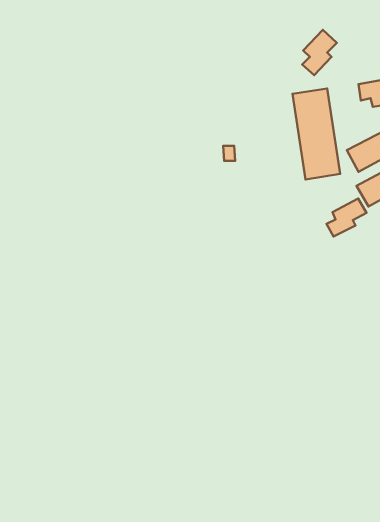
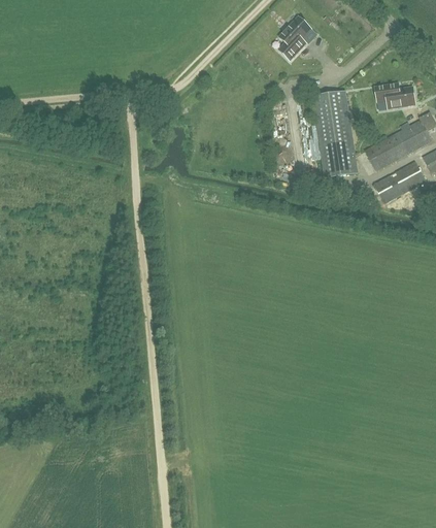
building: [302,30,337,75] -> [277,16,310,60]
building: [326,199,366,236] -> none

